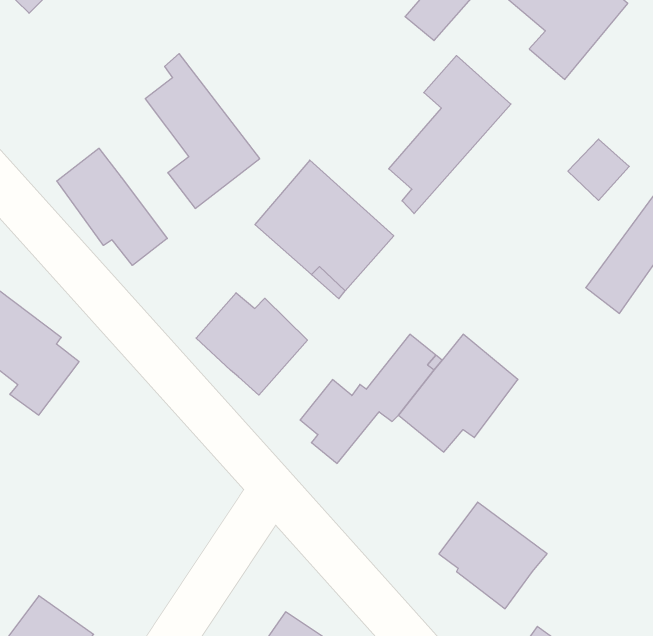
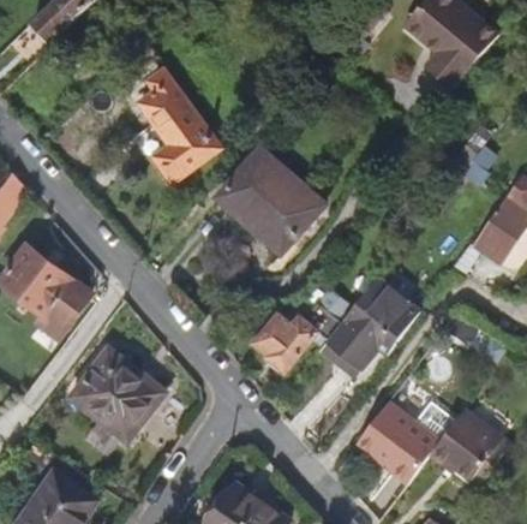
building: [389,56,511,214] -> none
building: [57,148,167,265] -> none
building: [196,293,307,395] -> none
building: none -> [72,345,166,437]
building: none -> [426,410,505,488]

